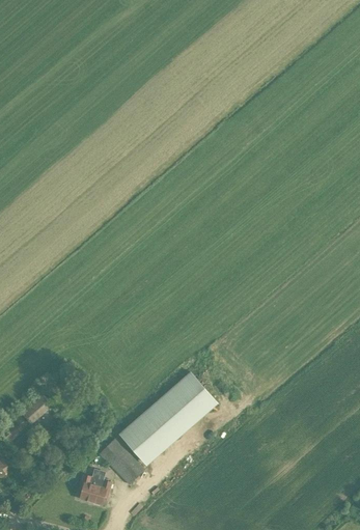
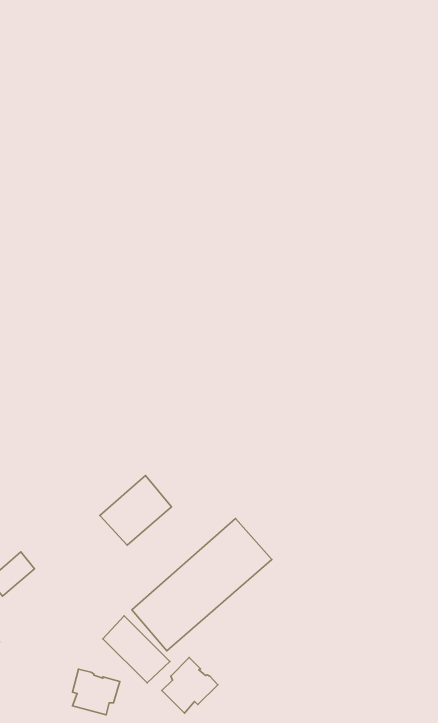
building: none -> [100,476,171,545]
building: none -> [162,658,218,713]

